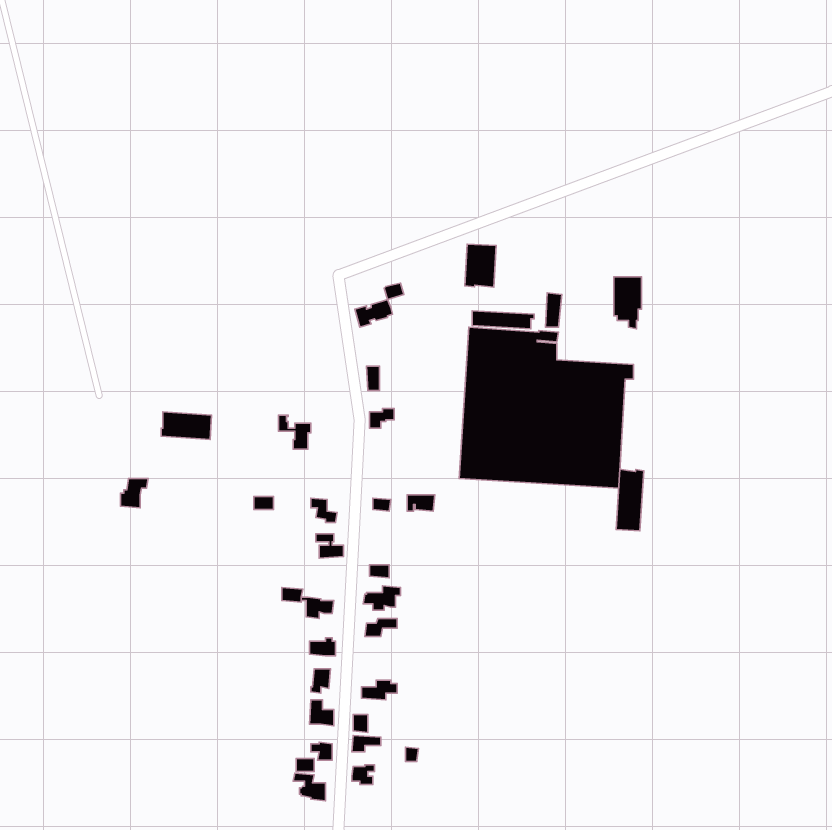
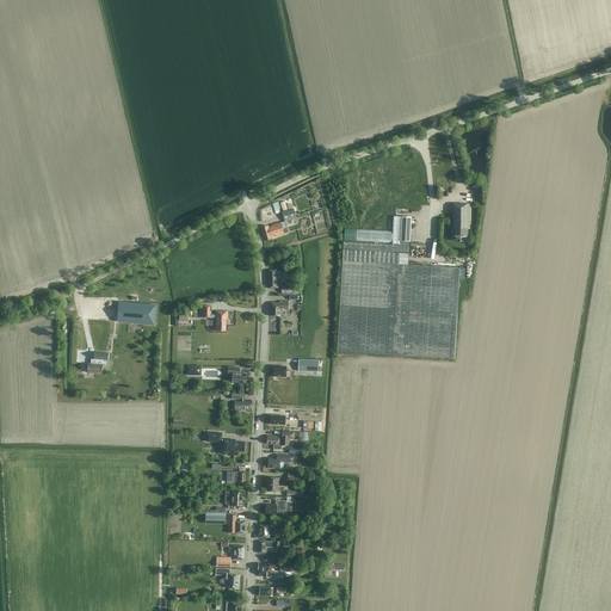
building: [465,244,496,287] -> none
building: [616,469,644,531] -> none

